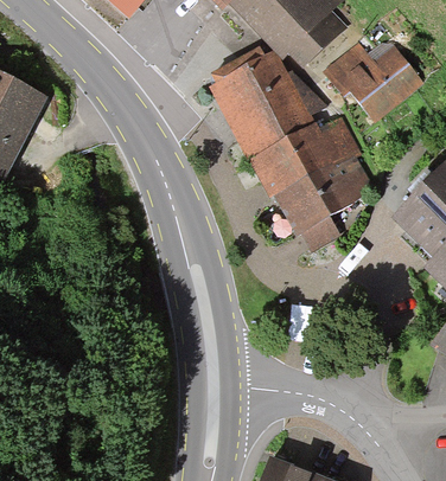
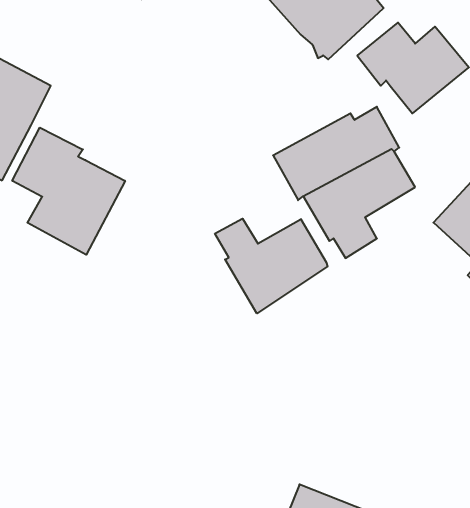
building: [208,50,340,159] -> none
building: none -> [12,128,125,255]
building: none -> [215,219,328,313]

